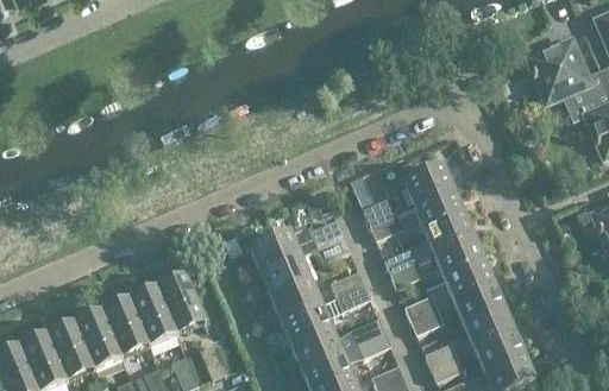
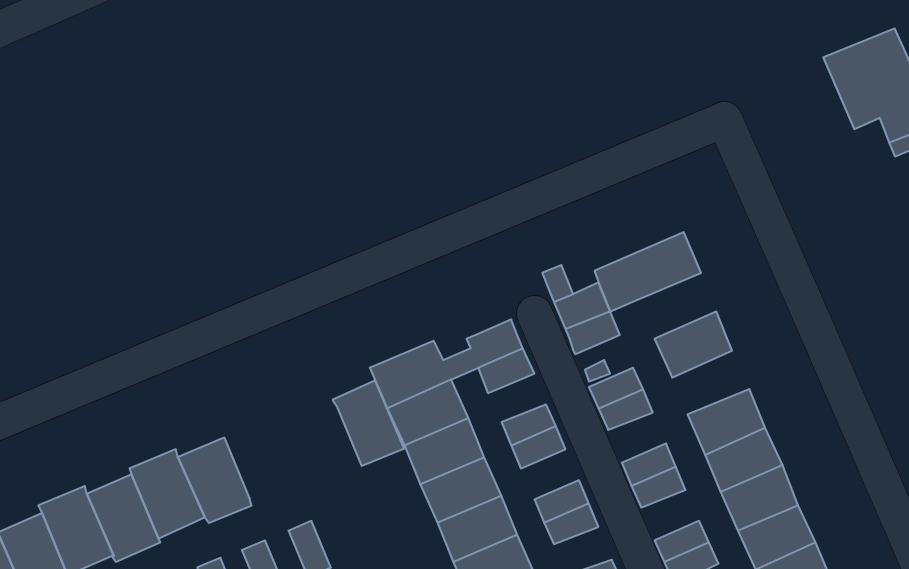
building: [414,190,463,231] -> none
building: [435,238,483,277] -> none
building: [158,276,202,328] -> [333,381,404,466]

